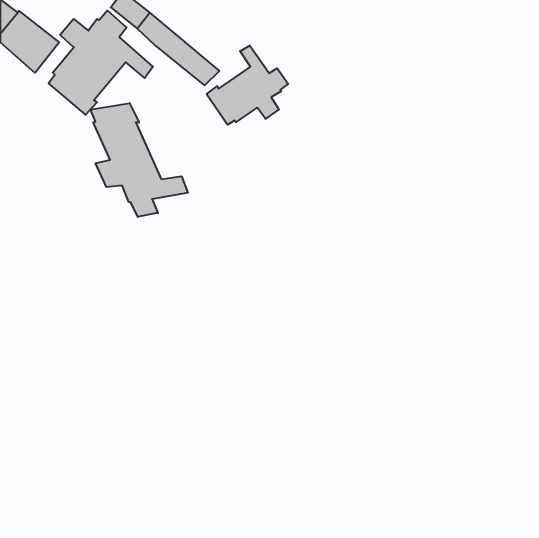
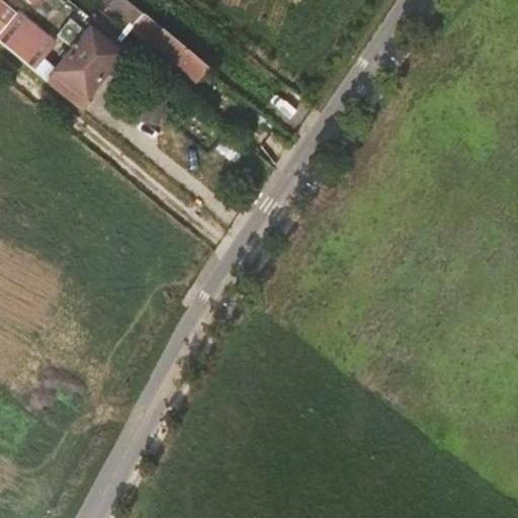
building: [207,45,288,125] -> none
building: [90,103,188,217] -> none

